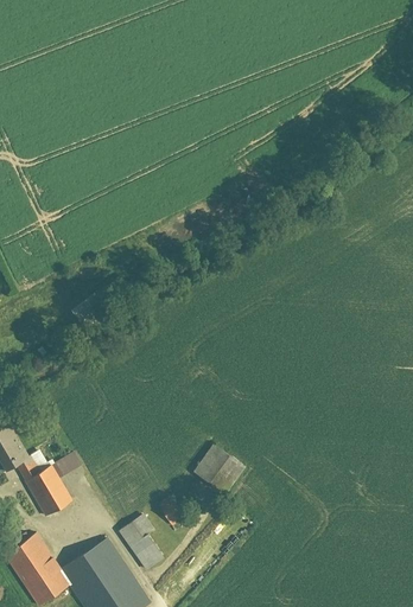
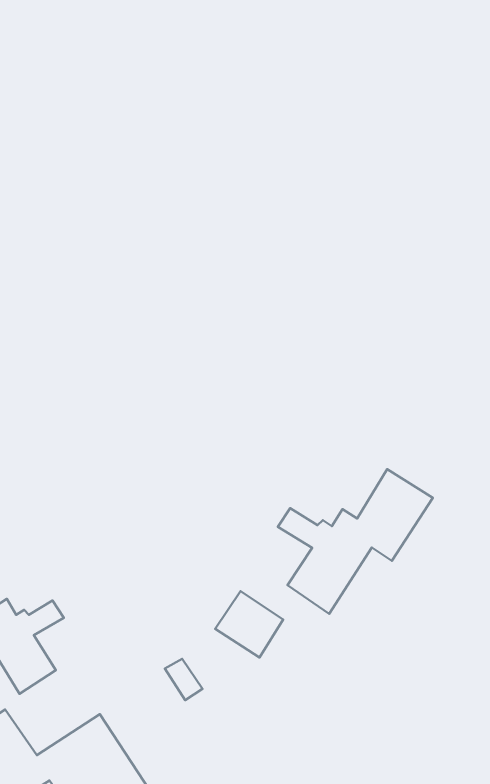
building: none -> [278,469,433,614]
building: [120,515,163,569] -> none

